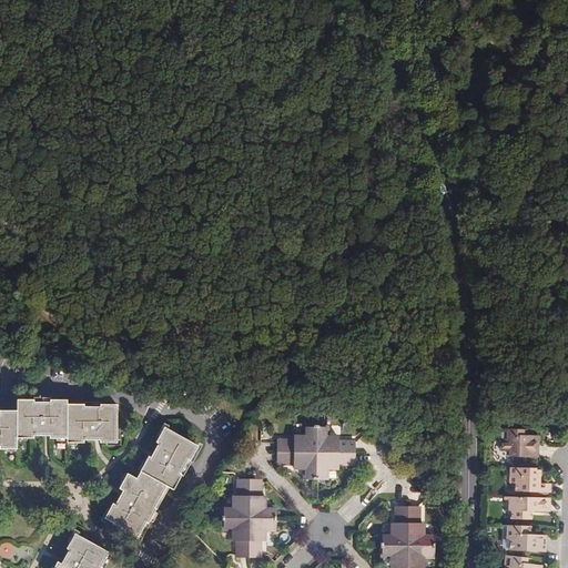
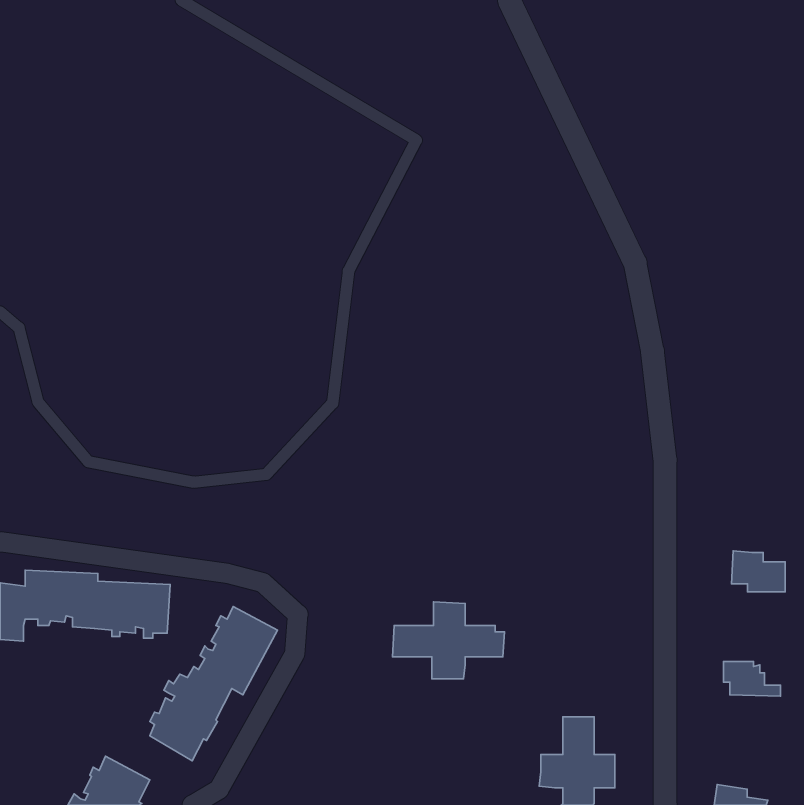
building: [500,427,538,456] -> [732,551,785,592]
building: [223,478,276,555] -> none
building: [509,495,549,517] -> none
building: [507,523,546,549] -> none

